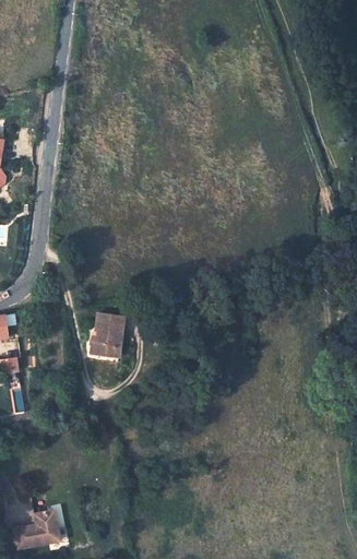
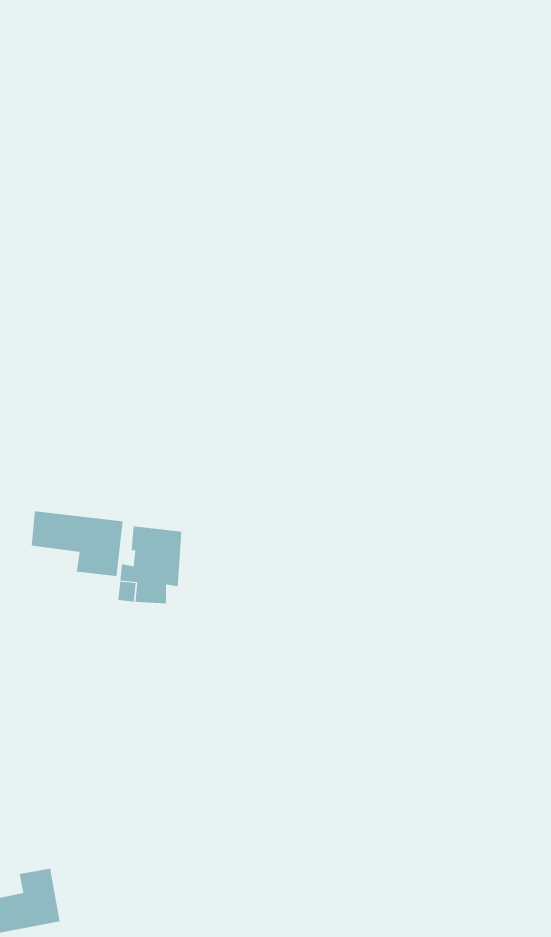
building: none -> [31,510,123,577]

